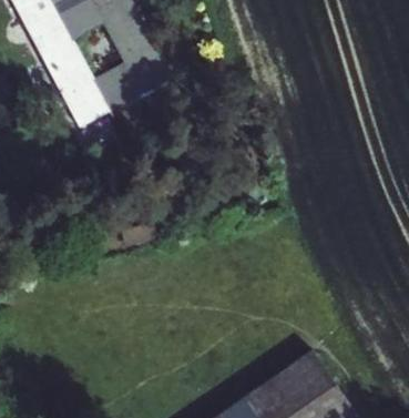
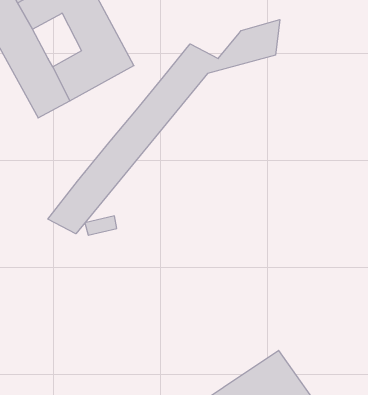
building: none -> [48,20,280,234]

